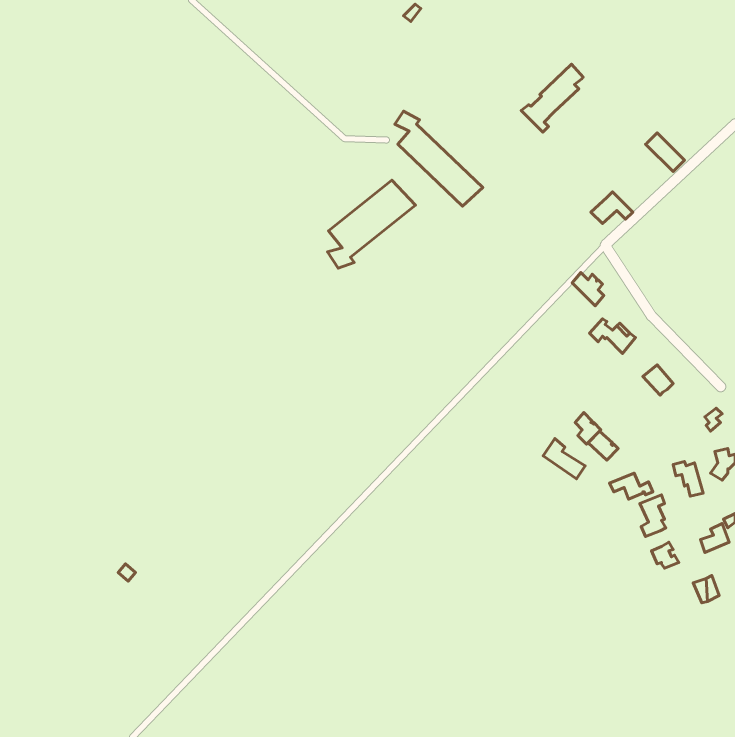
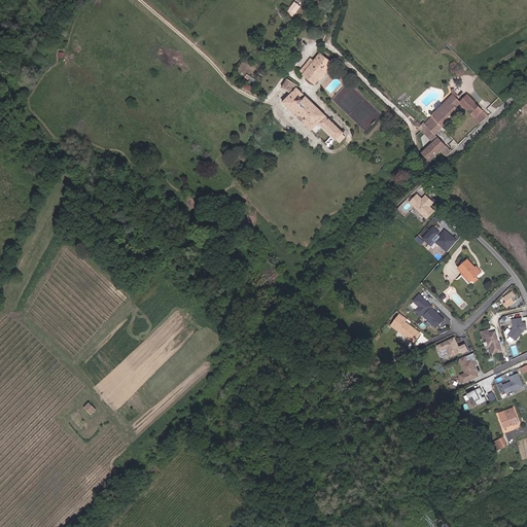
building: [521,64,583,132] -> [418,93,462,141]
building: none -> [301,52,333,84]
building: [327,180,415,268] -> none

